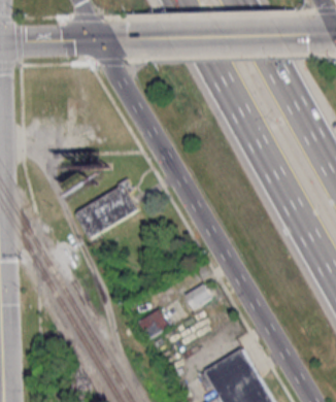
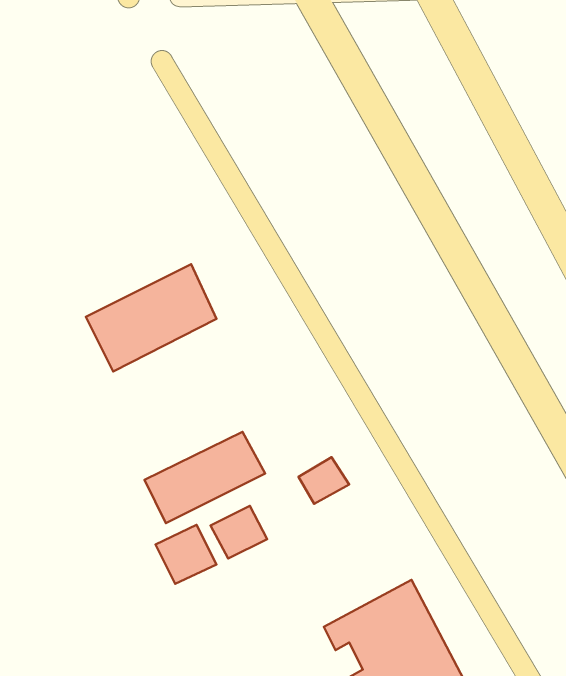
building: none -> [144,432,265,523]
building: none -> [156,525,216,584]

